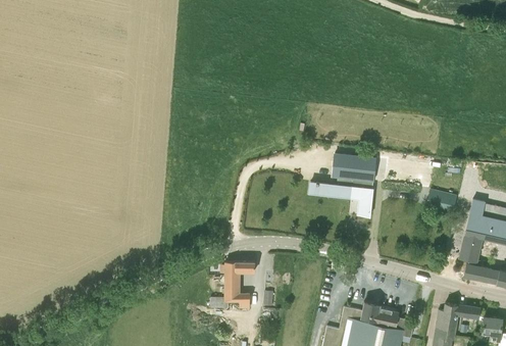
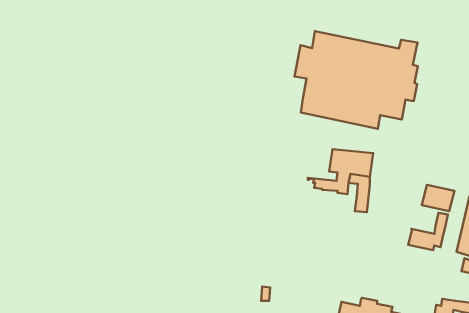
building: none -> [295,31,418,129]
building: none -> [408,213,448,250]
building: [211,262,255,309] -> none

